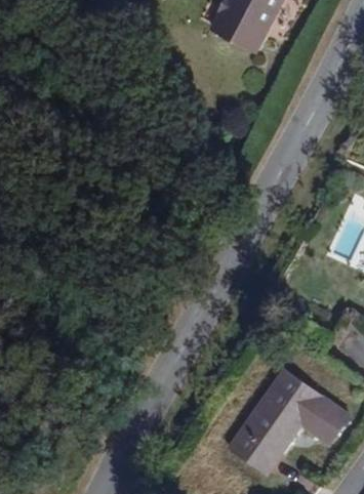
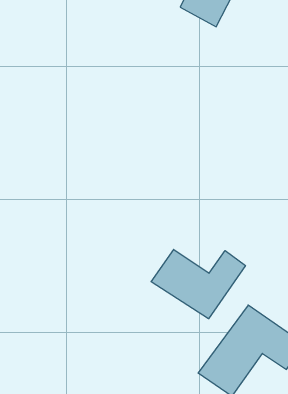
building: none -> [151,249,245,319]

